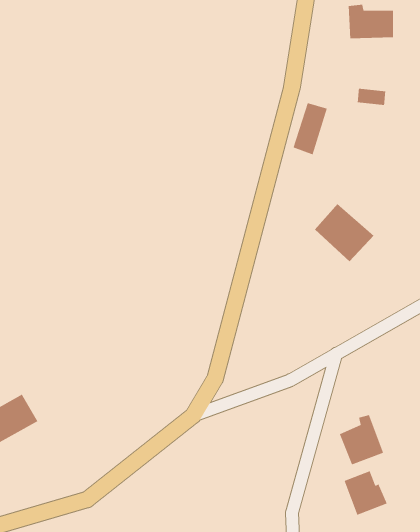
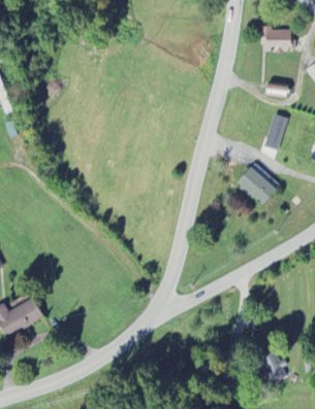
building: [292,102,328,155] -> [263,113,288,150]
building: [339,414,384,466] -> none

